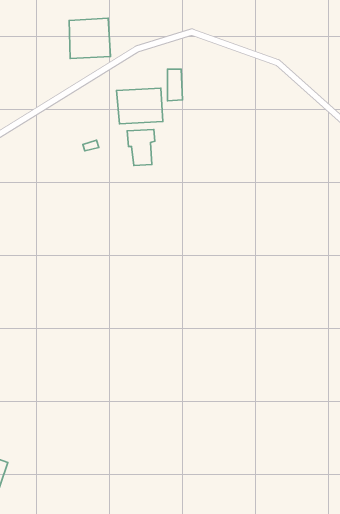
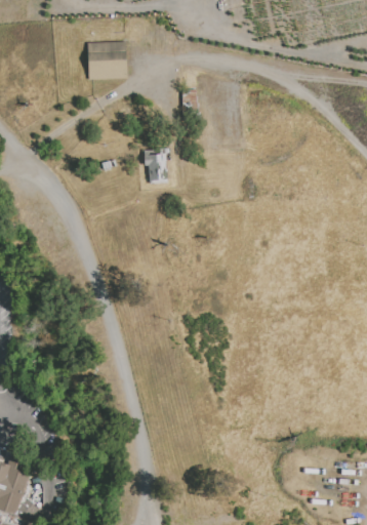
building: [117,88,163,124] -> none

